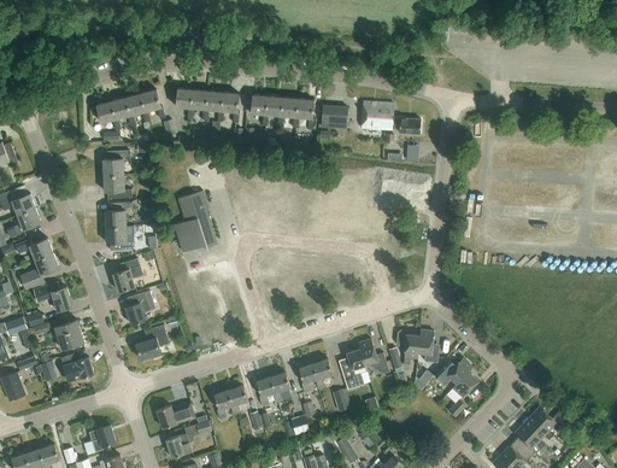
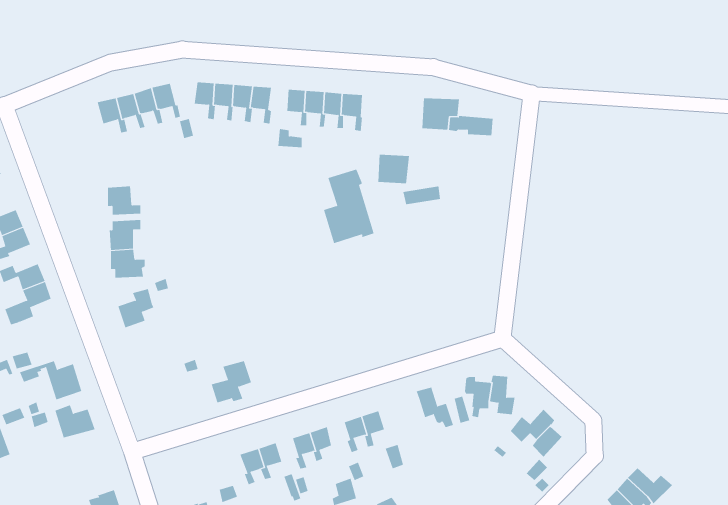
building: [321,105,347,129] -> [377,154,410,184]
building: [102,151,130,176] -> none
building: [174,192,216,253] -> [323,169,375,244]
building: [33,282,72,311] -> none
building: [125,292,154,326] -> none
building: [134,326,168,361] -> [211,361,252,403]
building: [341,350,366,390] -> none
building: [155,404,194,428] -> none

